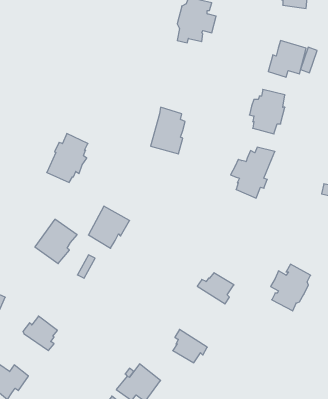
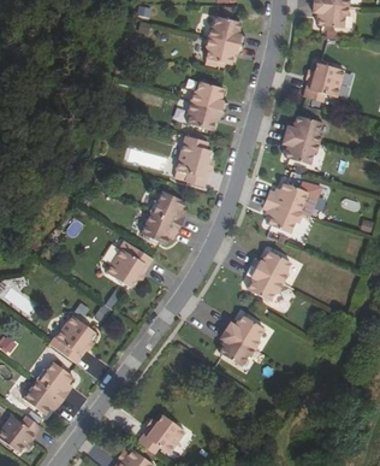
building: none -> [186,81,226,130]
building: [47,134,88,182] -> [141,190,185,243]
building: [35,219,77,264] -> [51,314,96,362]
building: [271,264,311,311] -> [245,250,289,301]
building: [173,329,207,363] -> [218,329,255,365]
building: none -> [24,381,64,414]

